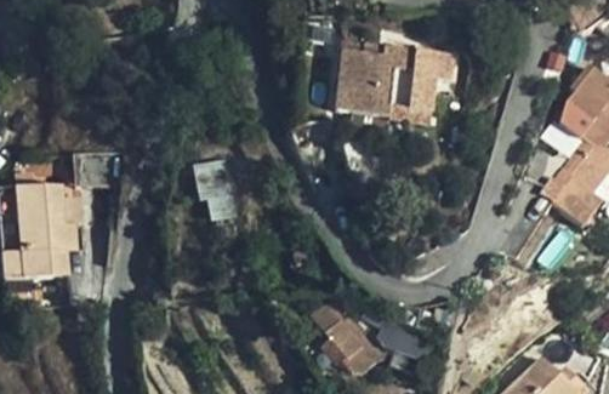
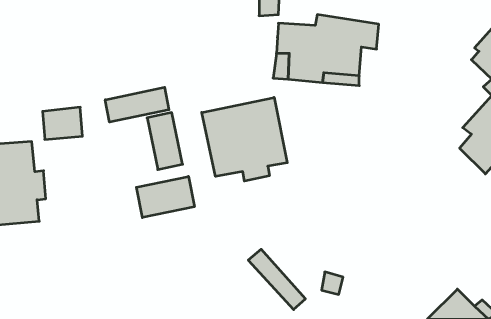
building: none -> [105,87,169,122]
building: none -> [202,97,287,181]
building: none -> [136,176,194,218]

